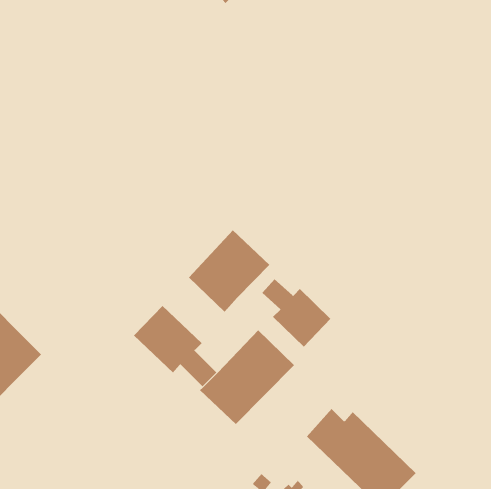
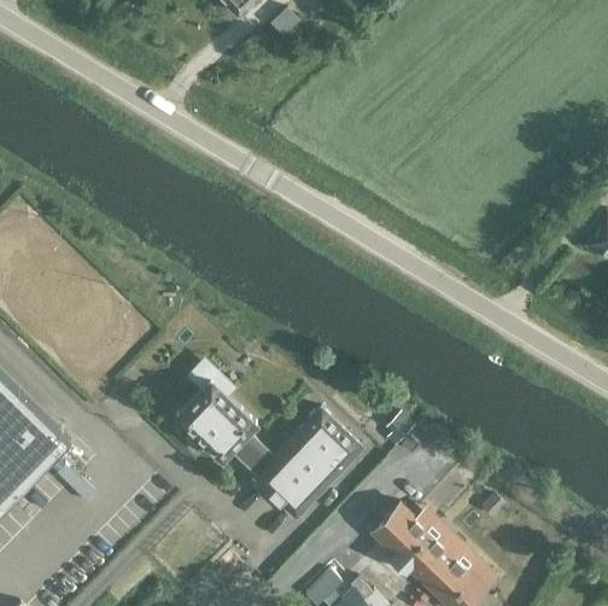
building: [188,230,270,313] -> none
building: [261,278,331,348] -> none

